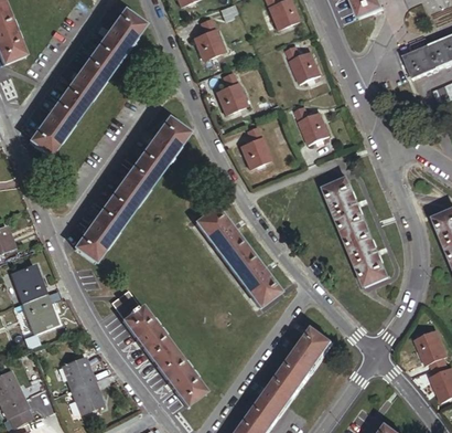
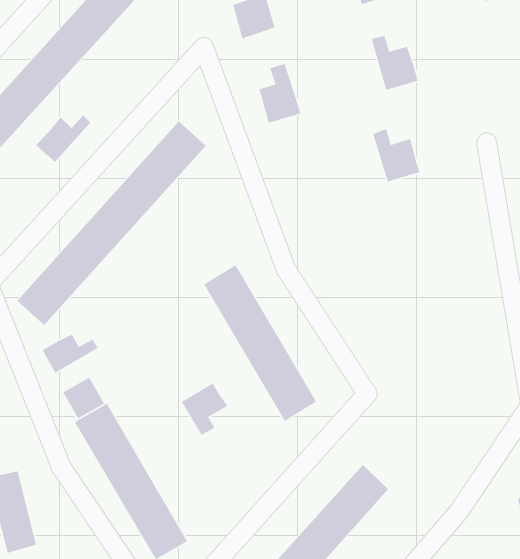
building: none -> [35,114,91,163]
building: [240,127,270,167] -> none
building: [324,179,387,285] -> none
building: none -> [42,334,99,374]
building: none -> [181,382,228,436]

